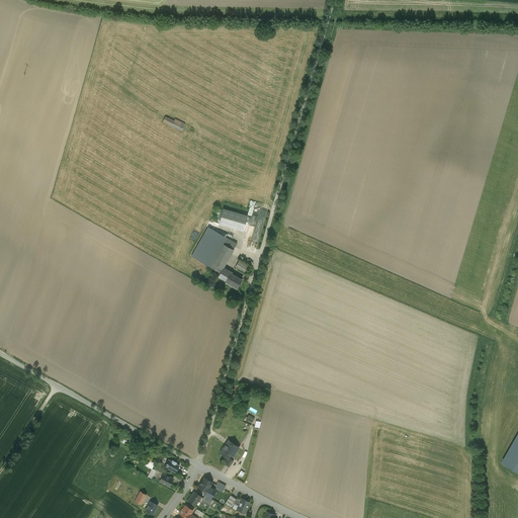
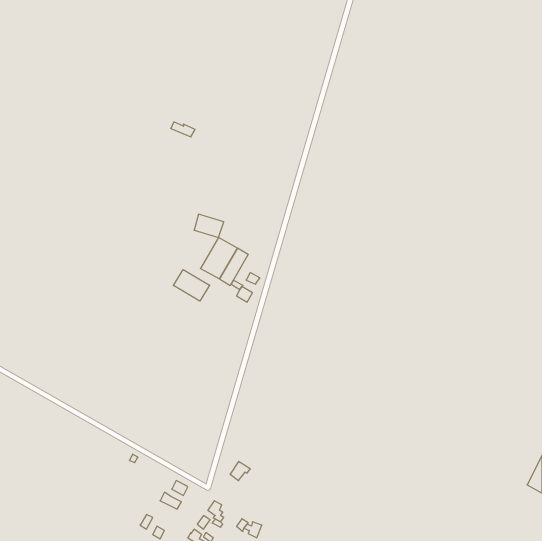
building: [219,209,247,232] -> [194,214,224,238]
building: none -> [173,270,210,301]

